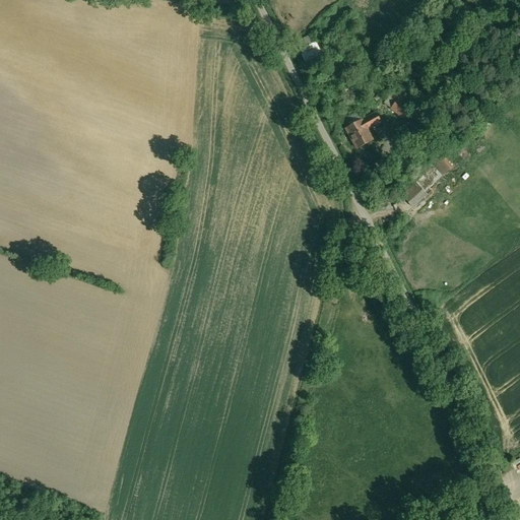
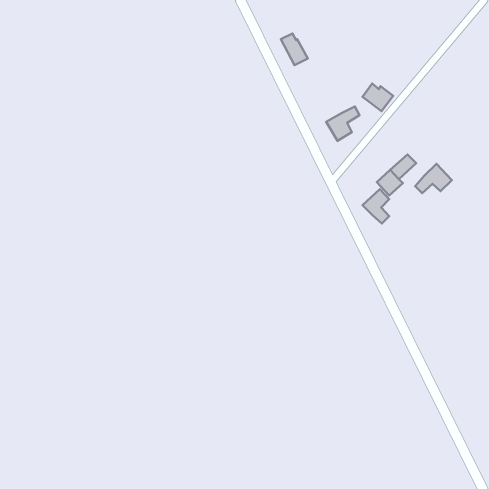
building: none -> [415,164,452,193]
building: none -> [363,189,389,224]

